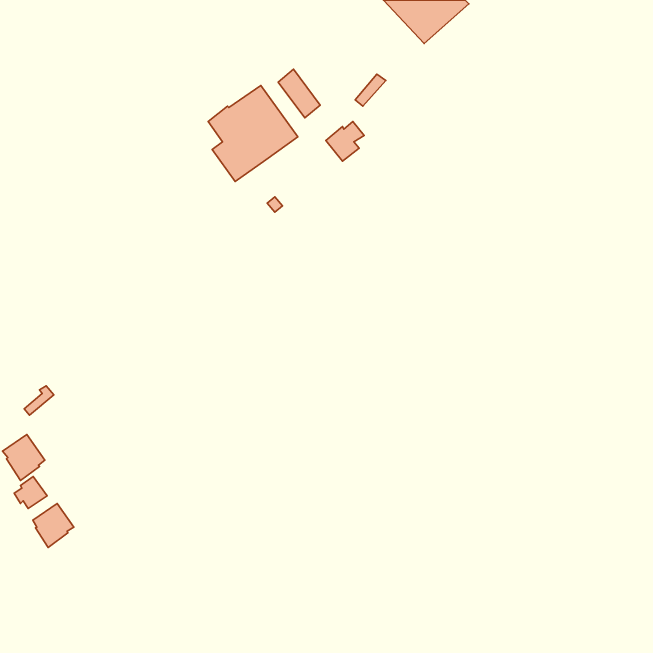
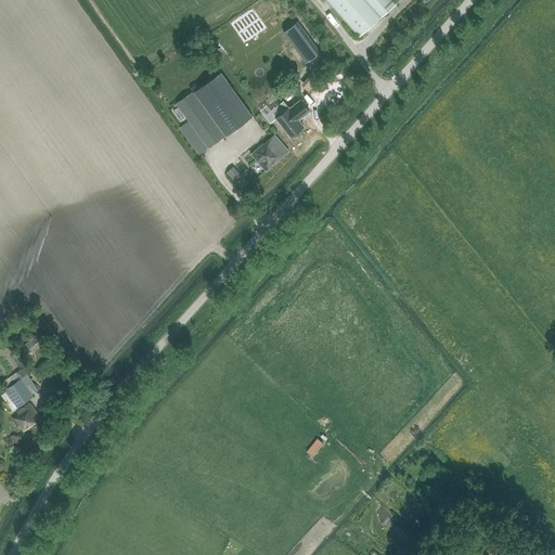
building: [278,69,320,118] -> [284,21,320,62]
building: none -> [250,135,287,171]
building: [33,504,74,547] -> none

